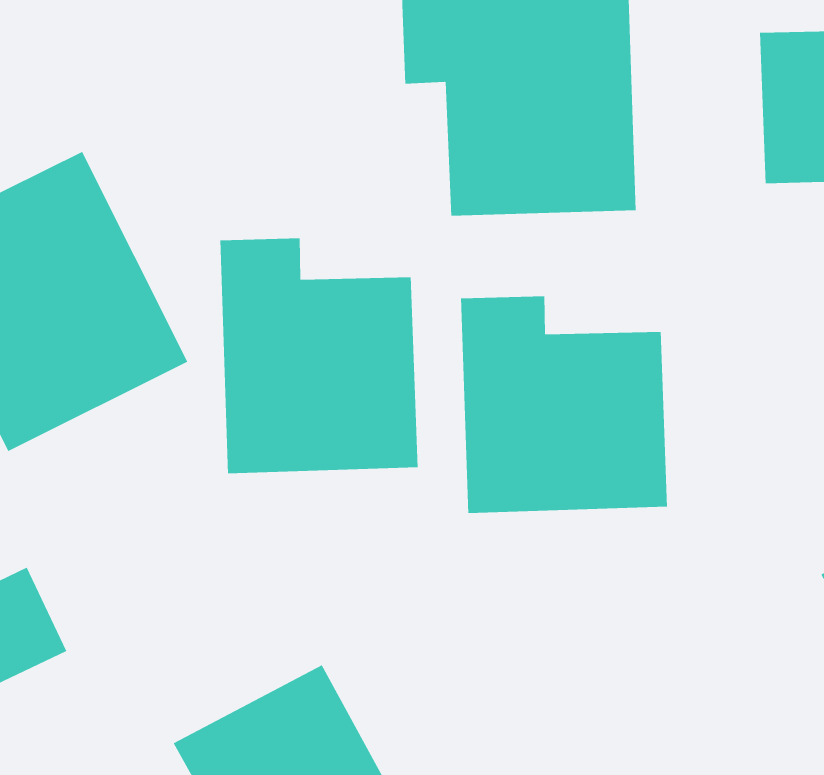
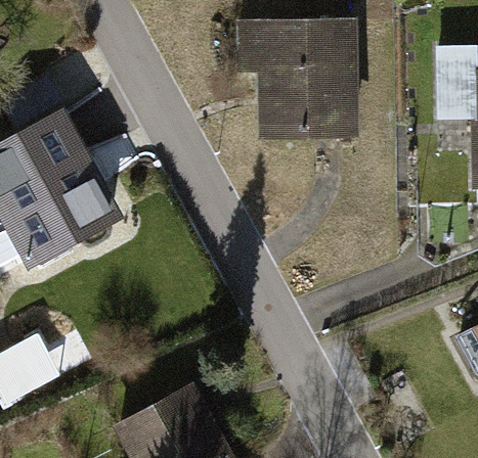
building: [220,238,418,474] -> none
building: [461,296,668,514] -> none

